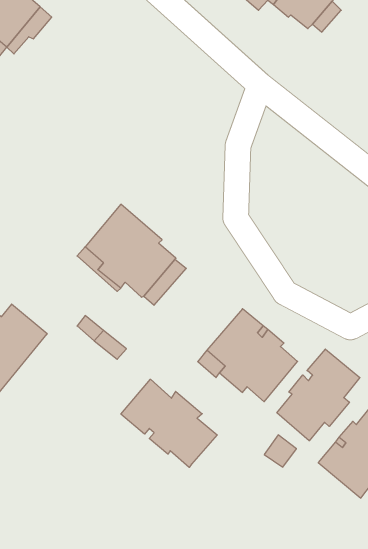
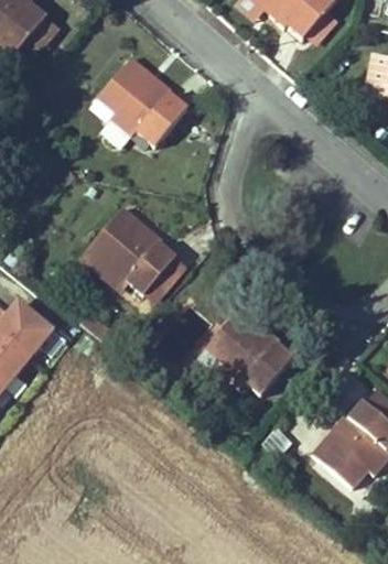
building: none -> [97,55,186,145]
building: [277,349,360,441] -> none
building: [121,379,217,467] -> none

